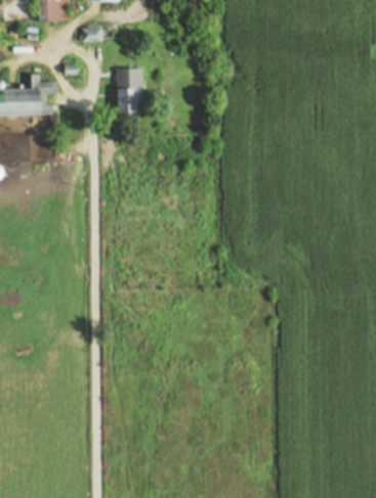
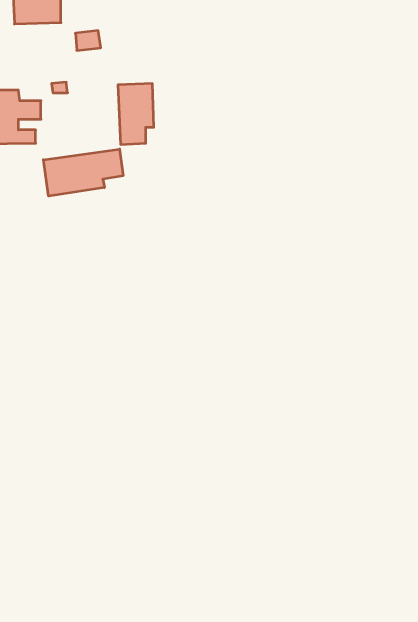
building: none -> [43,149,123,196]

